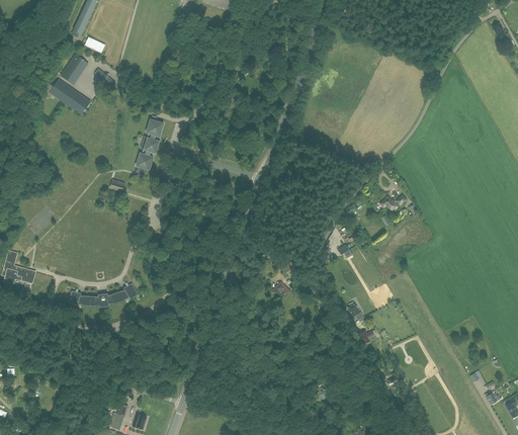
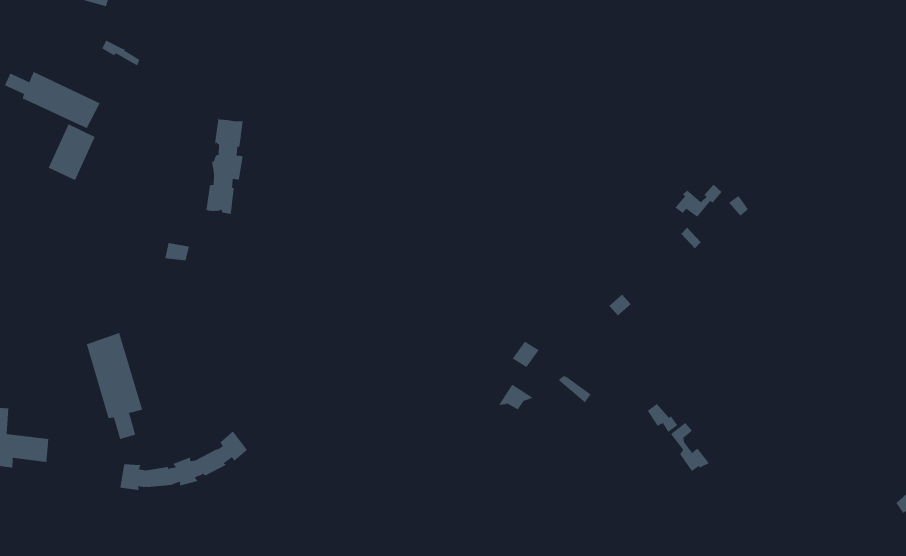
building: [61,54,88,84] -> [48,124,96,181]
building: none -> [86,332,143,440]

